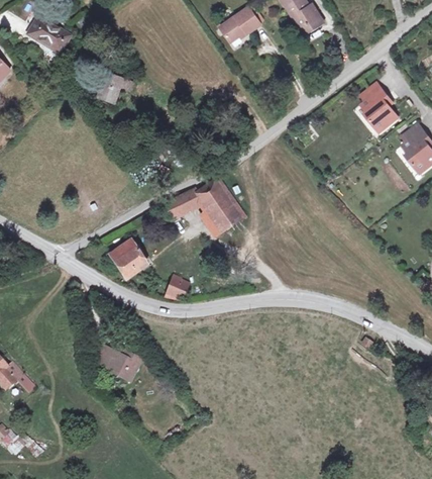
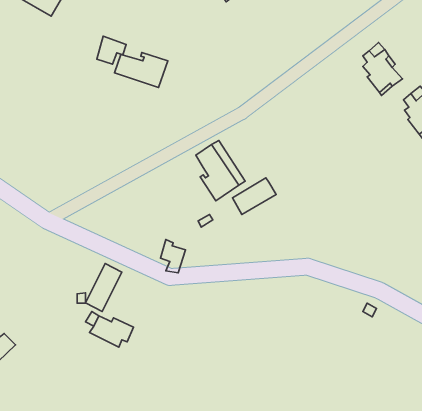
building: none -> [115,52,168,88]
building: [164,187,206,222] -> [232,178,276,214]
building: [107,236,146,277] -> none
building: none -> [85,263,122,311]

